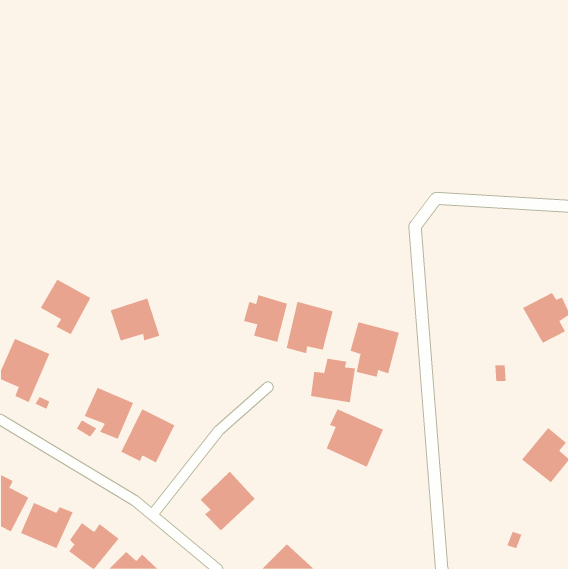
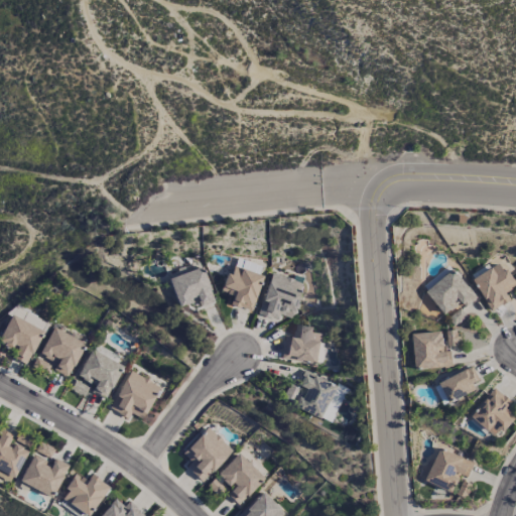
building: [40,279,91,335] -> [39,326,86,376]
building: none -> [424,263,479,313]
building: [110,298,160,341] -> [169,266,215,305]
building: [350,322,399,378] -> none
building: none -> [415,331,455,368]
building: none -> [441,365,482,401]
building: none -> [427,446,477,492]
building: none -> [218,453,264,504]

